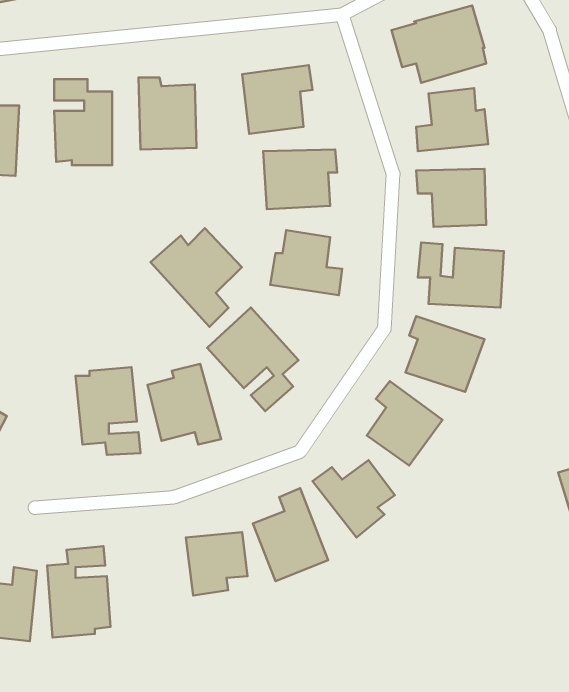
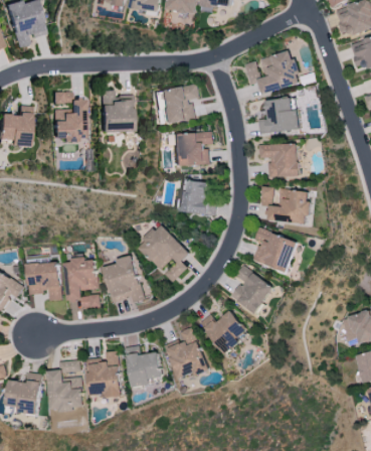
building: [150,228,242,327] -> none
building: none -> [27,262,61,300]
building: none -> [86,350,121,397]

